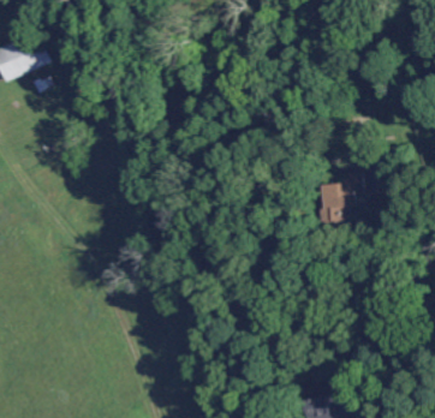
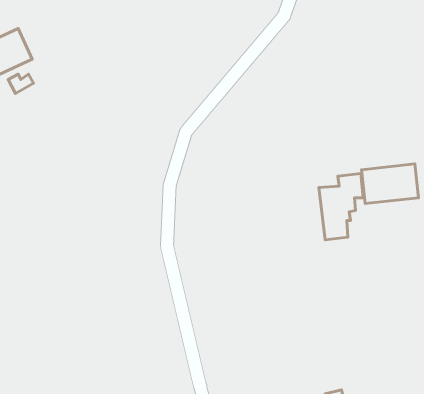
building: none -> [361,164,419,204]

